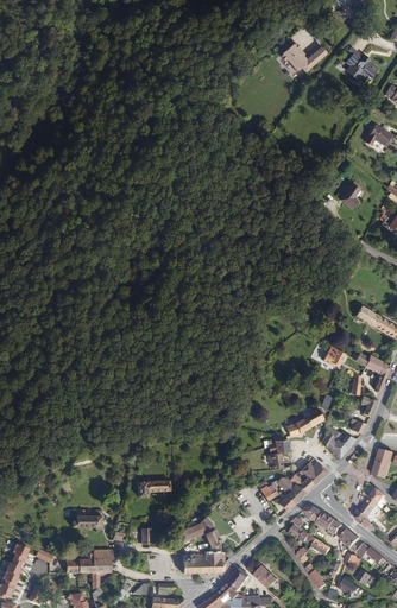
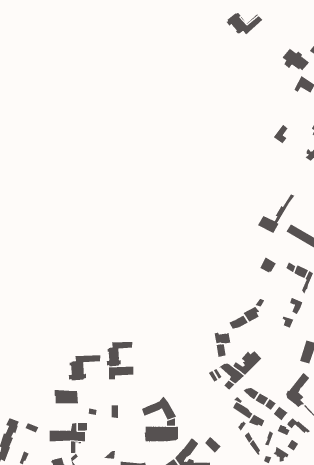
building: [342,50,377,78] -> [282,48,310,71]
building: none -> [257,193,295,234]
building: [321,431,355,460] -> none
building: none -> [106,341,133,367]
building: none -> [68,355,101,381]

